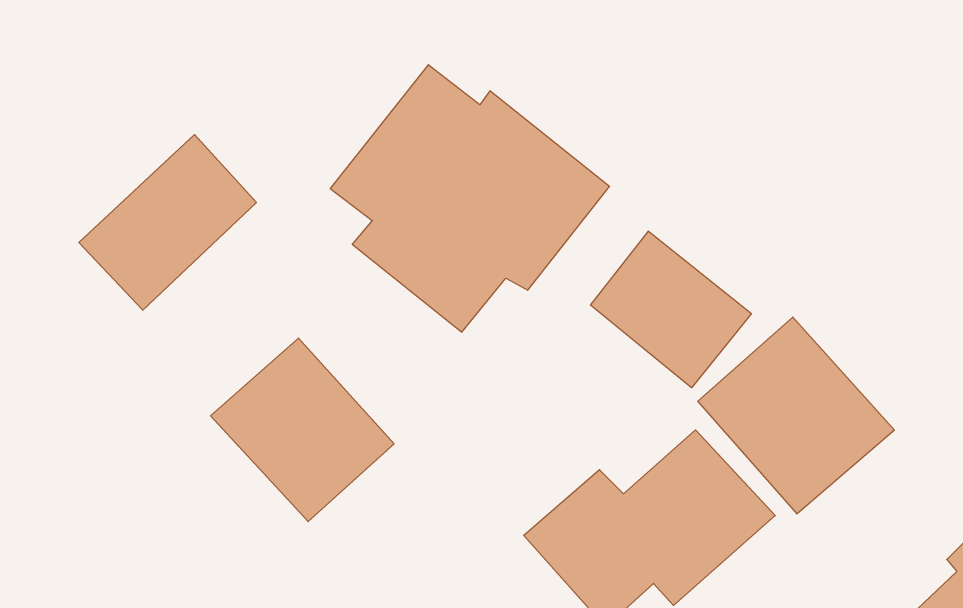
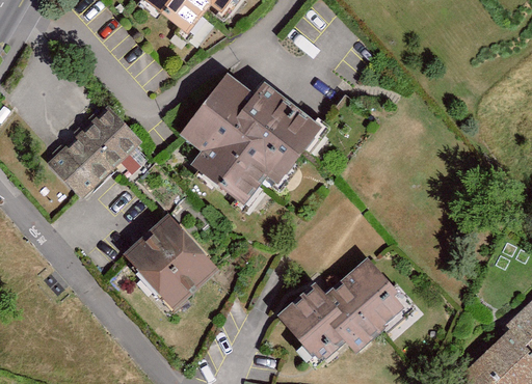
building: [590,231,751,388] -> none
building: [698,317,894,514] -> none

